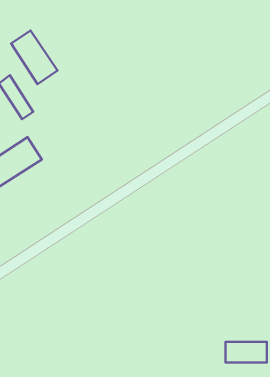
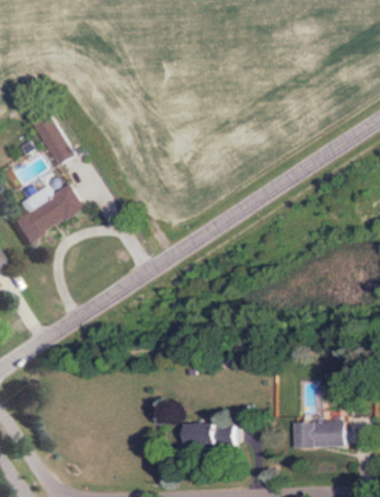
building: [11,31,58,84] -> none
building: none -> [188,425,235,444]

